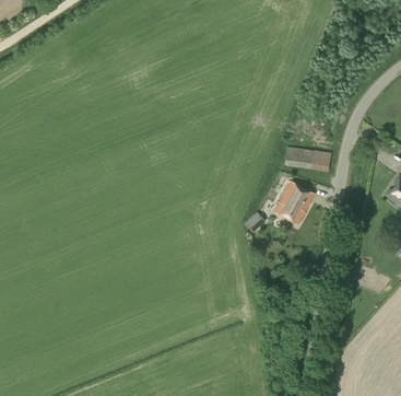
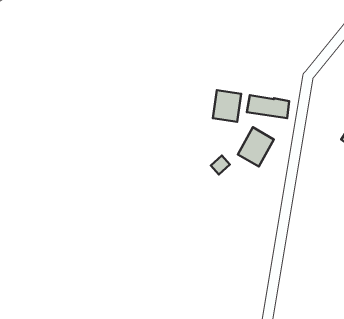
building: none -> [213,90,241,122]

